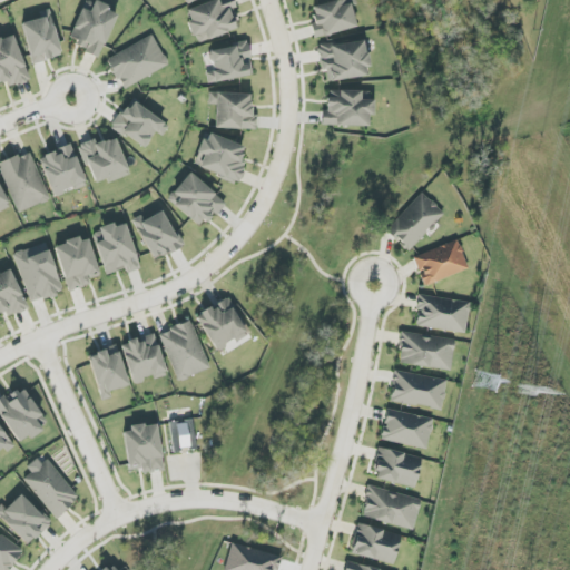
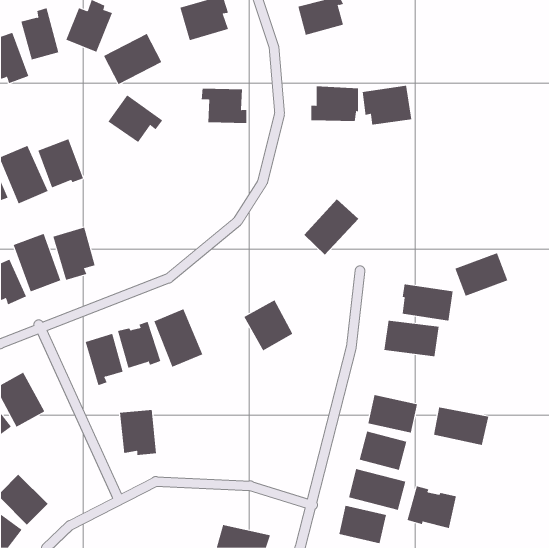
building: [317,39,370,80] -> [362,85,412,125]
building: [206,42,253,82] -> none
building: [198,131,247,183] -> none
building: [79,137,129,183] -> none
building: [167,171,225,227] -> none
building: [386,191,444,250] -> [303,198,359,255]
building: [132,209,181,261] -> none
building: [92,223,140,274] -> none
building: [413,239,469,285] -> [455,252,508,297]
building: [196,297,247,351] -> [244,300,293,351]
building: [390,370,448,410] -> [433,407,489,445]
building: [169,419,197,451] -> none
building: [23,453,79,518] -> none
building: none -> [407,485,457,529]

